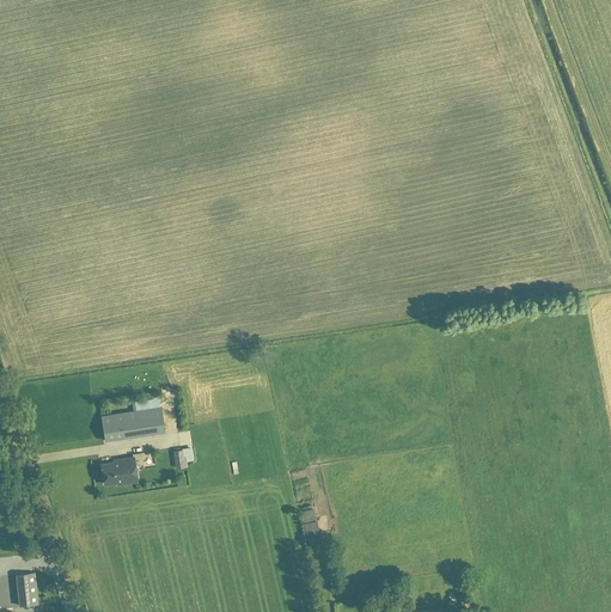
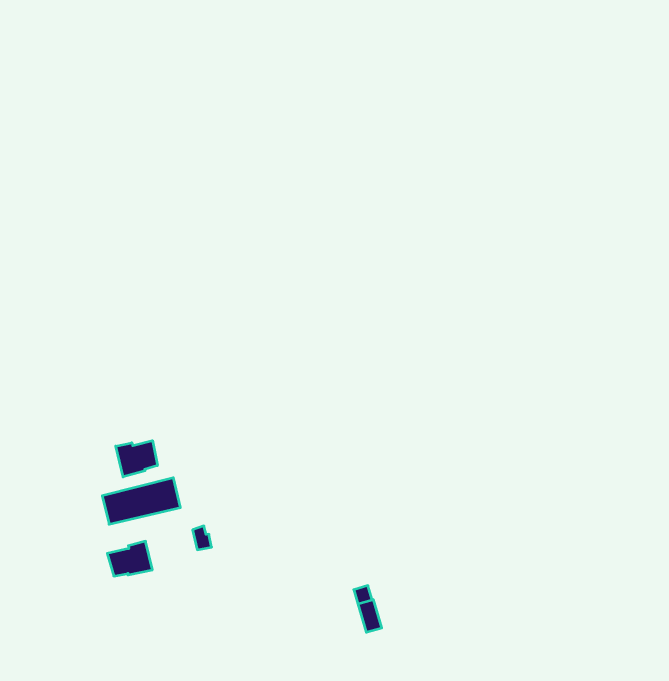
building: none -> [116,441,157,477]

